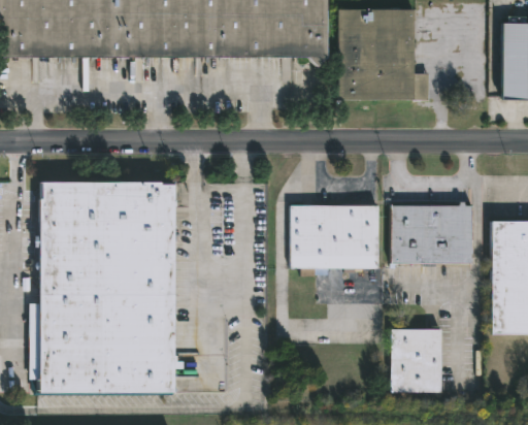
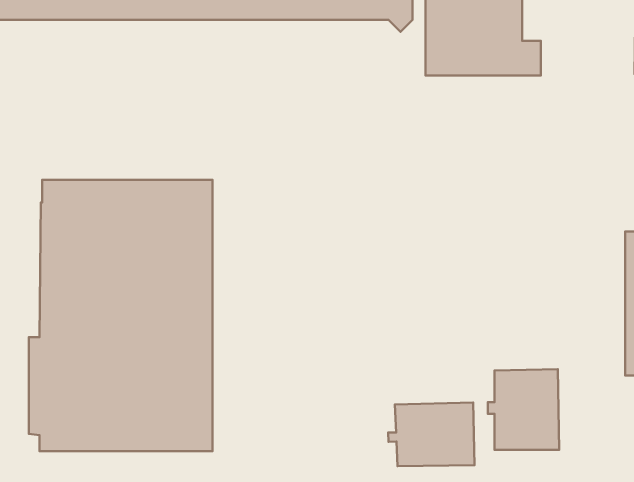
building: [393,201,474,265] -> none
building: [290,205,381,276] -> none
building: none -> [388,402,474,466]

